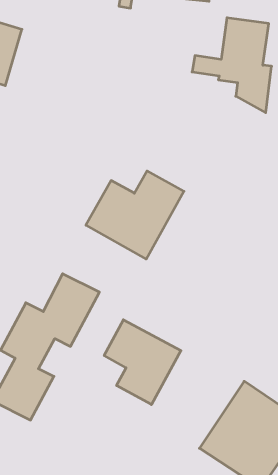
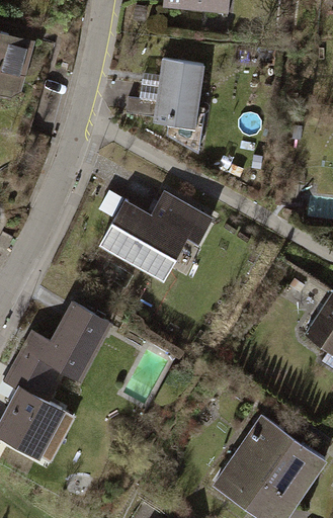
building: [192,18,272,113] -> [123,58,206,157]
building: [104,320,181,405] -> none

